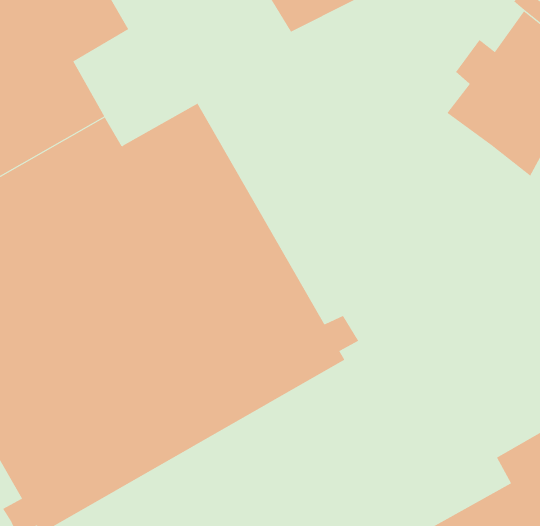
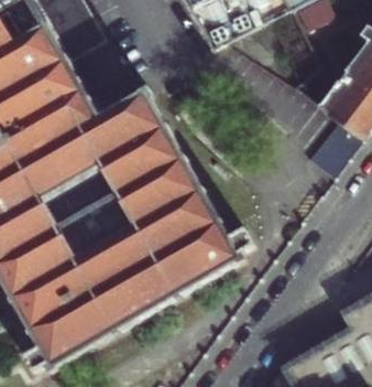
building: none -> [309,110,363,166]

